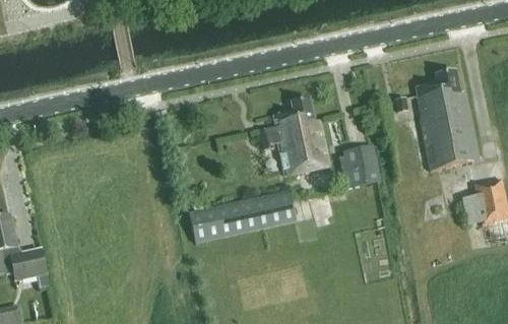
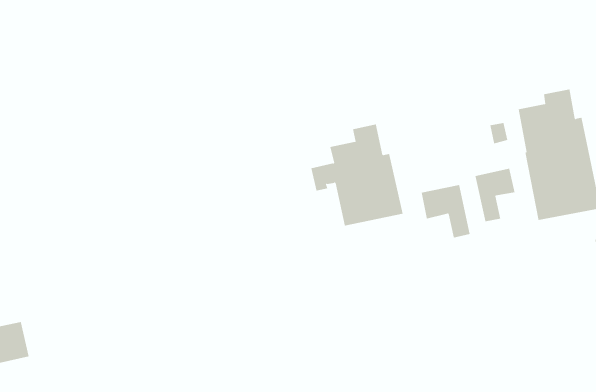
building: none -> [475,168,515,222]
building: [187,189,296,243] -> none

